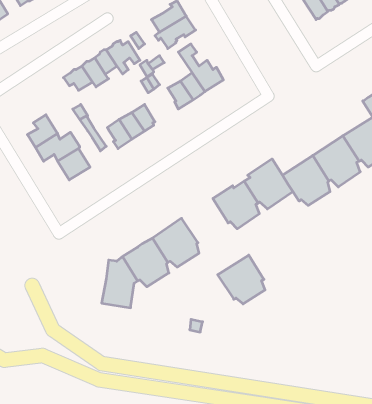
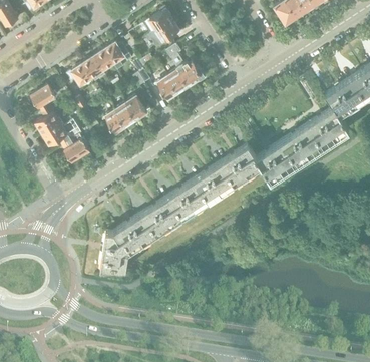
building: none -> [29,83,54,111]
building: [218,255,265,304] -> [167,176,209,219]

